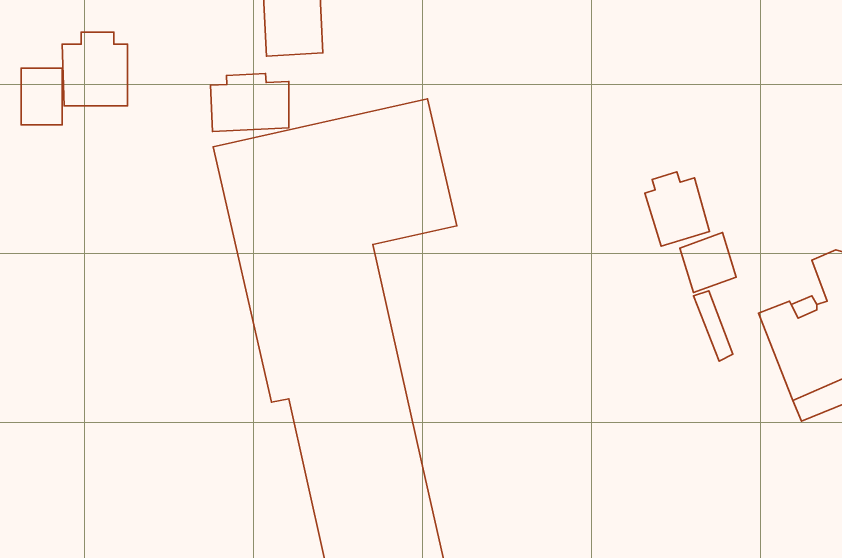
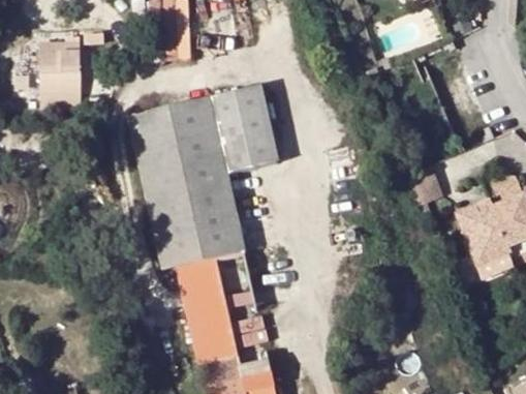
building: [210,74,289,132] -> none
building: [645,172,710,246] -> none

